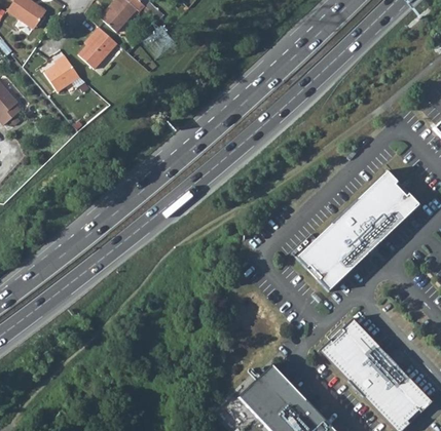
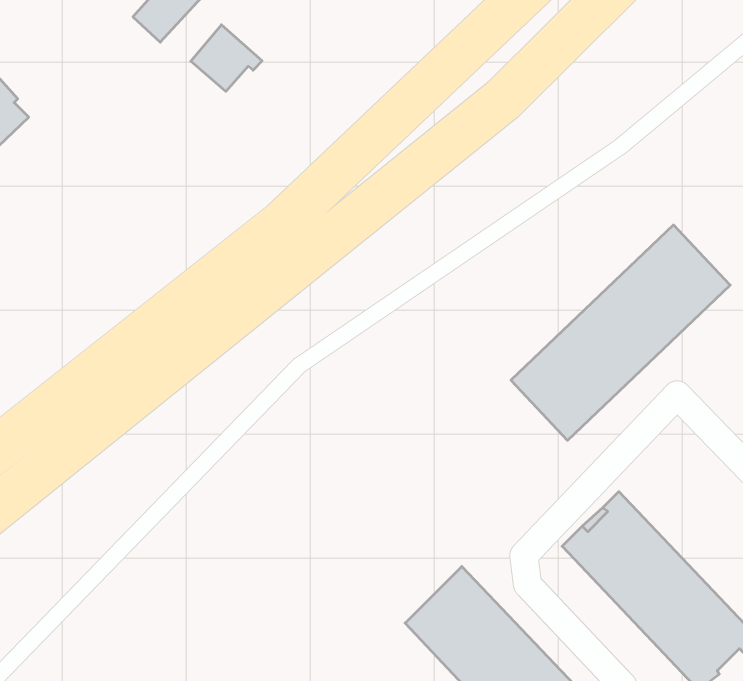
building: [47,55,81,91] -> none
building: none -> [191,25,262,91]

